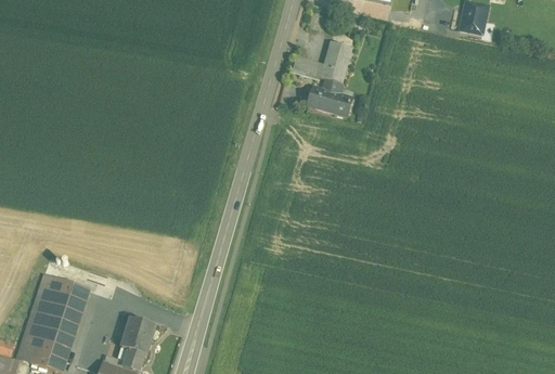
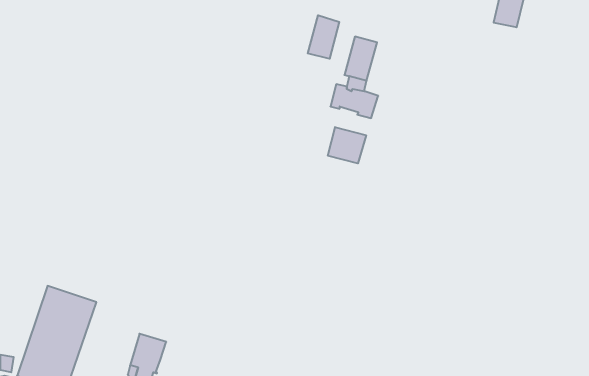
building: none -> [308,15,339,59]
building: none -> [328,127,366,163]

